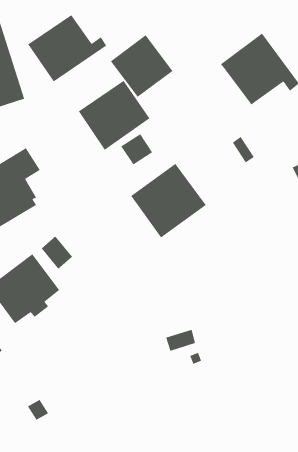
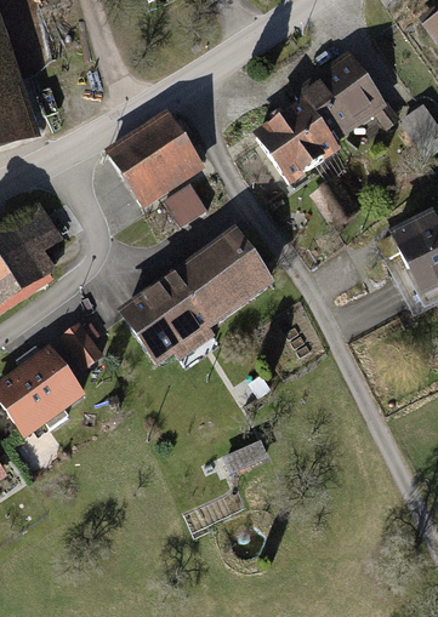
building: [27,14,107,83] -> none
building: [110,34,173,98] -> [252,99,336,183]
building: none -> [118,267,217,365]

